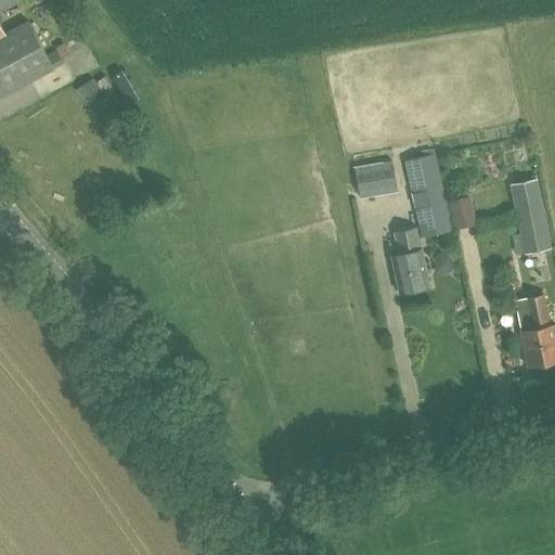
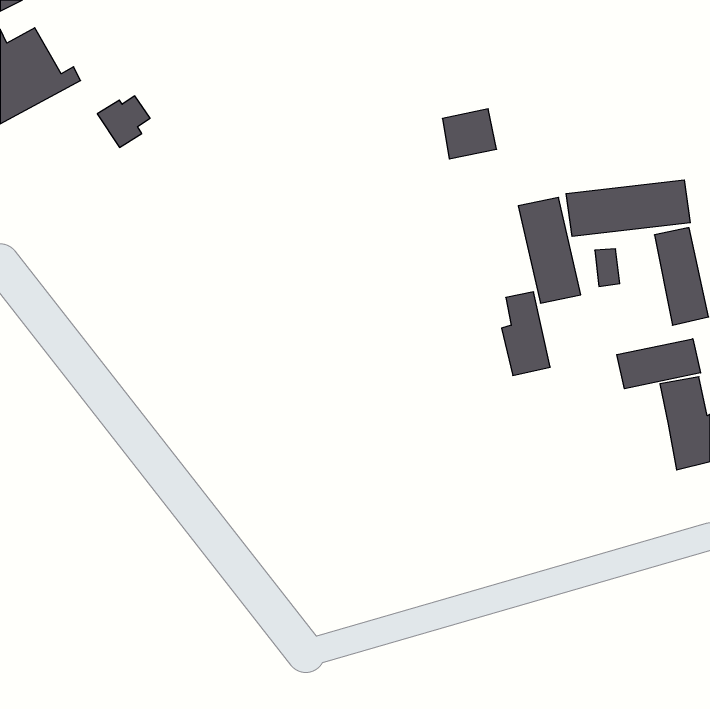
building: none -> [566,180,690,236]
building: [356,160,398,199] -> [442,109,497,159]
building: none -> [617,339,701,389]

